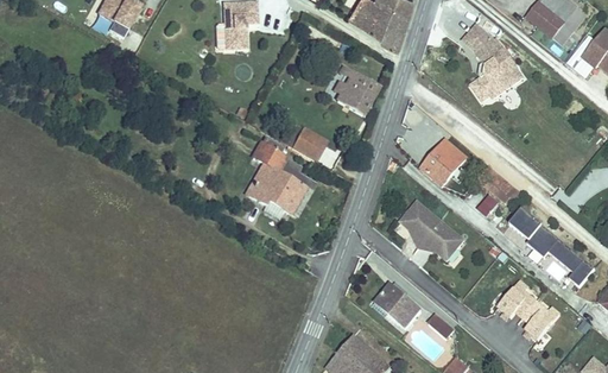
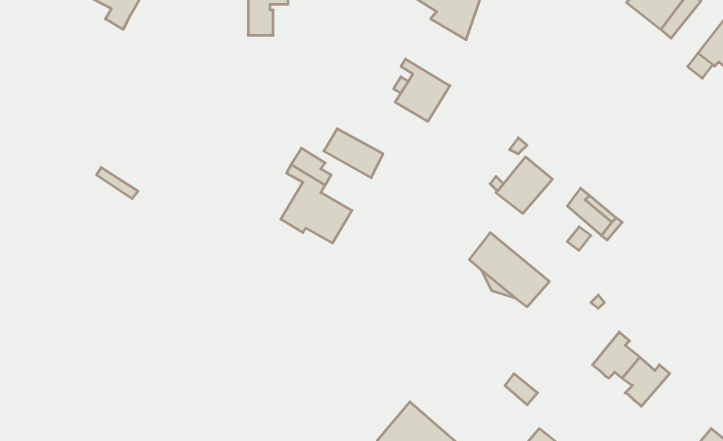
building: [462,25,522,101] -> none
building: [509,208,594,286] -> none
building: [373,283,420,329] -> none

